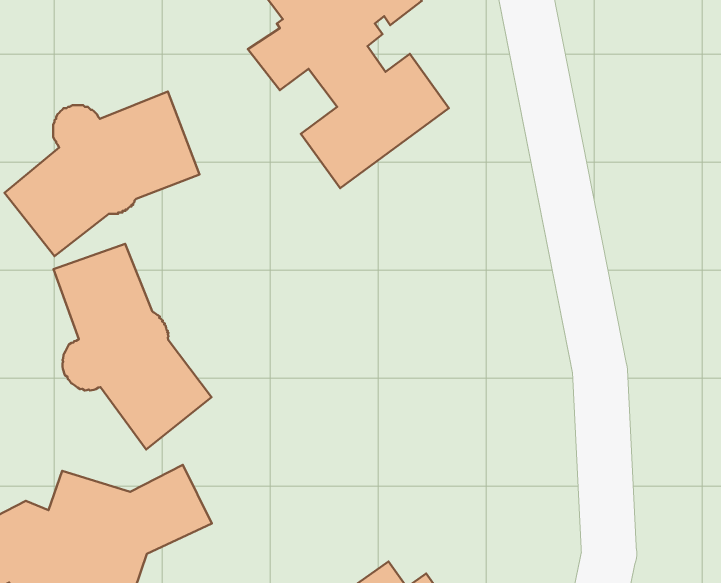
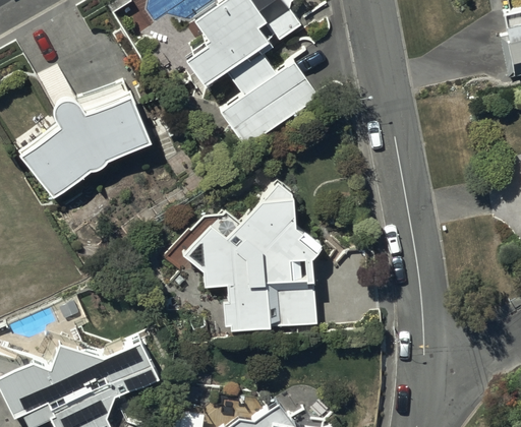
building: none -> [181,180,322,333]
building: [53,244,211,450] -> none

